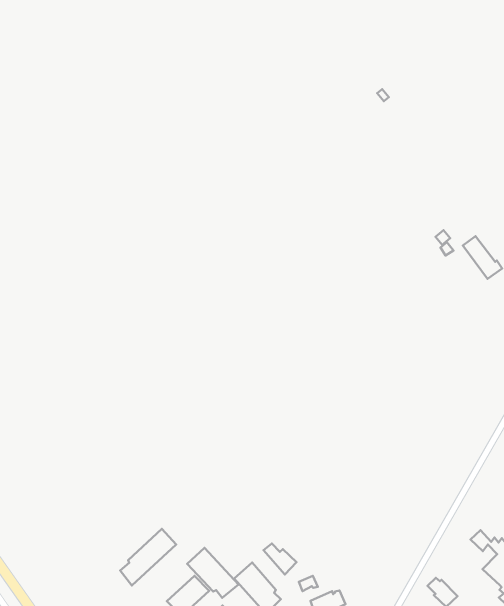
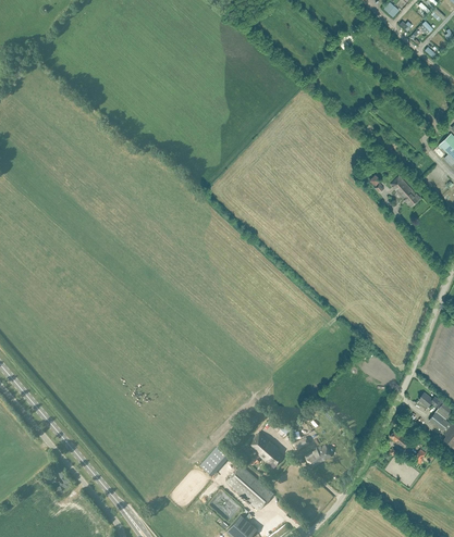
building: [120,529,176,585] -> none
building: [187,548,238,598] -> none

